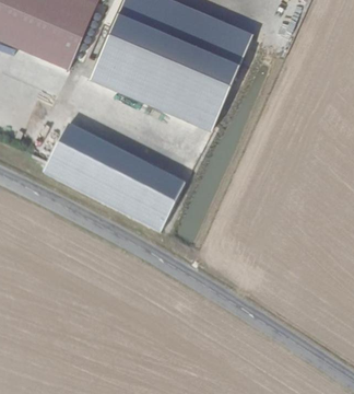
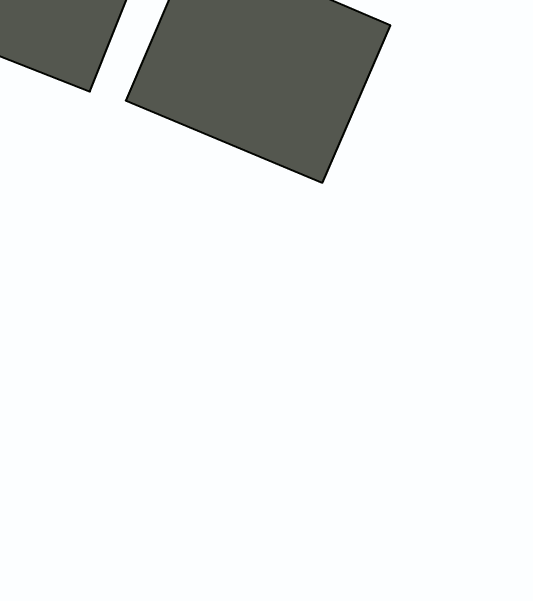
building: [43,123,184,232] -> none

